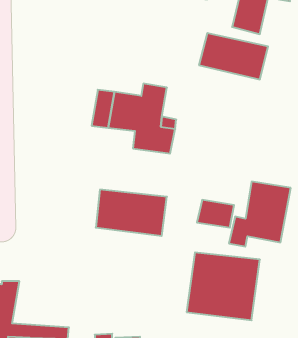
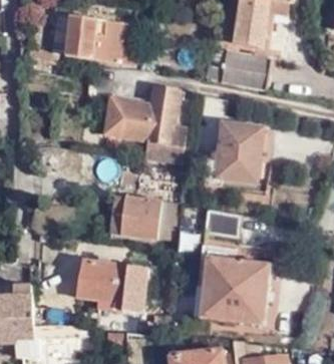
building: none -> [72,17,130,63]
building: [229,182,291,247] -> [204,119,264,183]
building: none -> [74,261,146,313]

